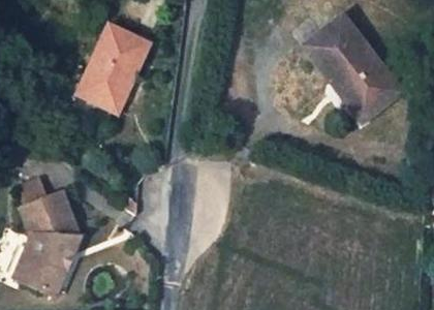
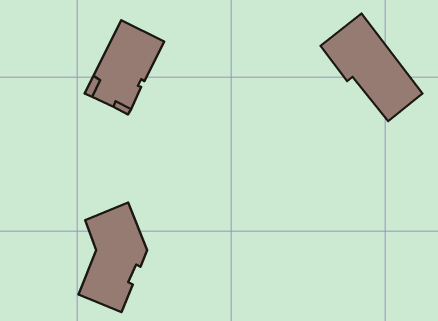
building: [13,192,78,295] -> [78,202,147,312]

